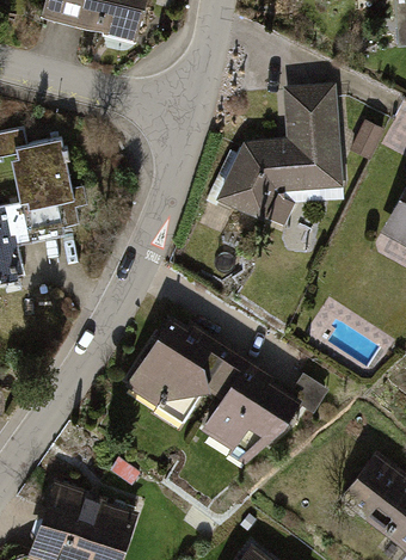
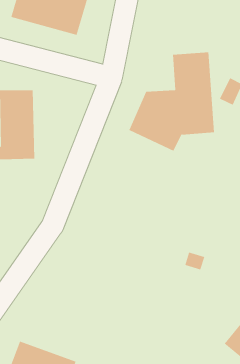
building: [136,327,301,455] -> none

